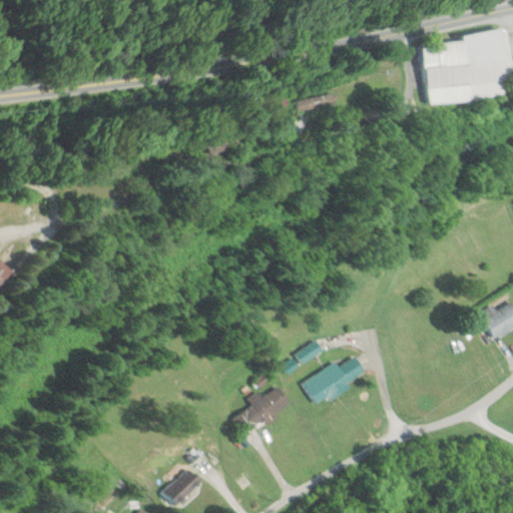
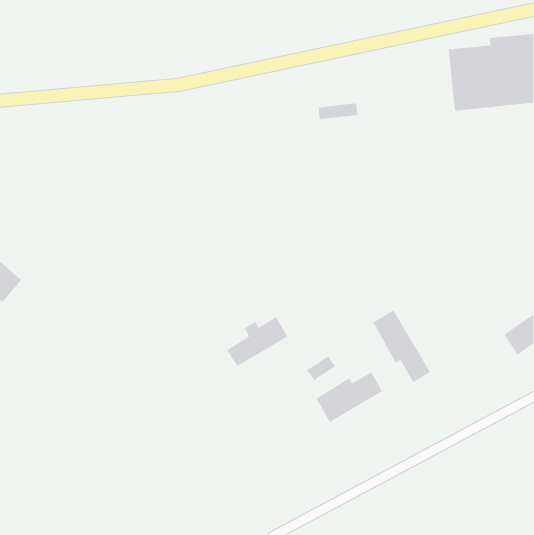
building: none -> [373,309,431,383]
building: [229,387,289,435] -> [226,317,288,367]
building: [161,467,199,506] -> none

